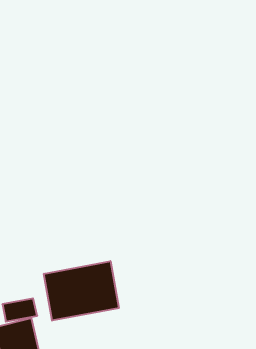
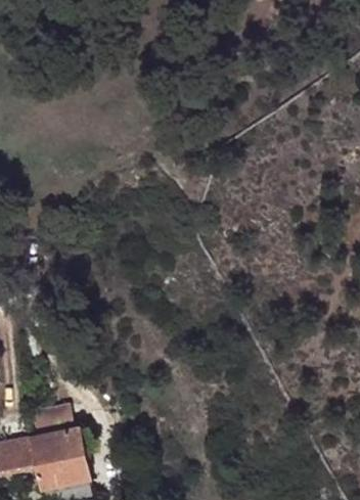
building: [44,261,119,321] -> none

